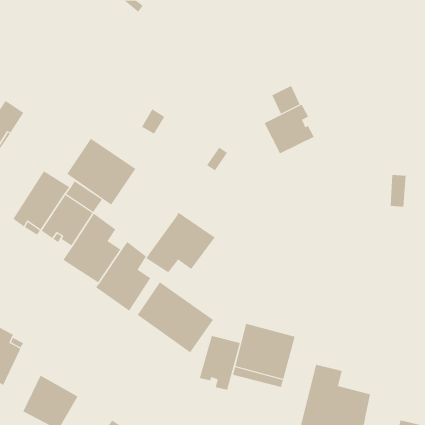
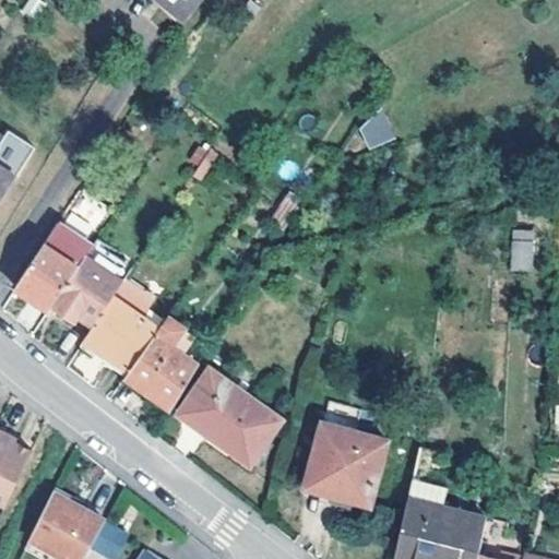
building: [264,104,314,154] -> none
building: [66,138,136,205] -> none
building: [146,212,216,273] -> none
building: [199,335,241,391] -> none

